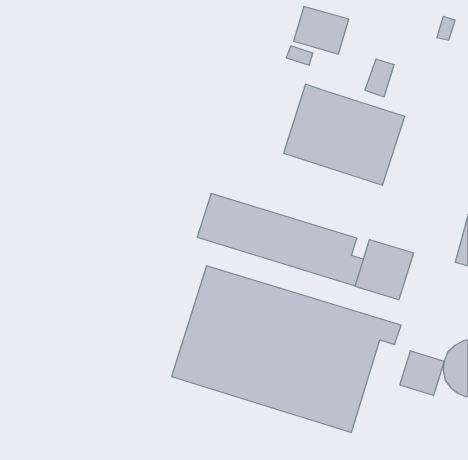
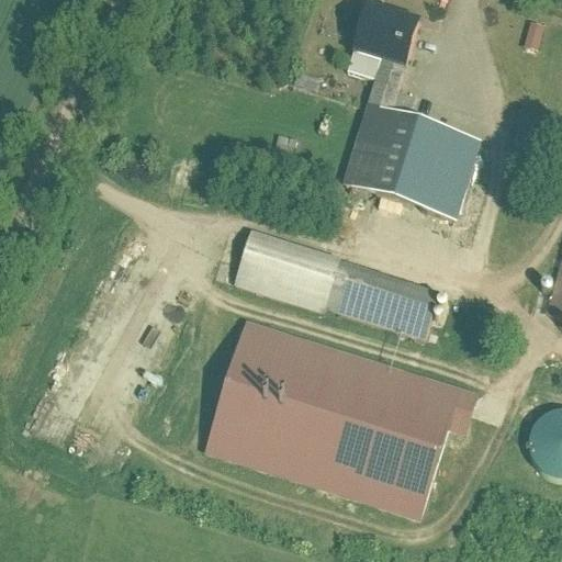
building: [365,59,394,97] -> [366,64,401,109]
building: [355,240,413,300] -> none
building: [400,351,444,396] -> none

